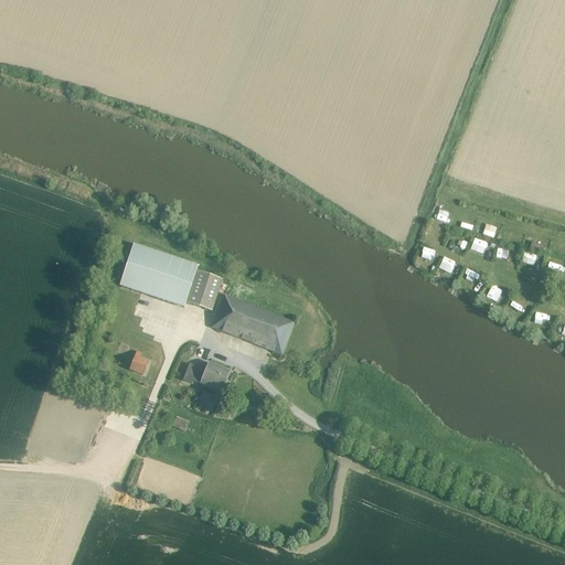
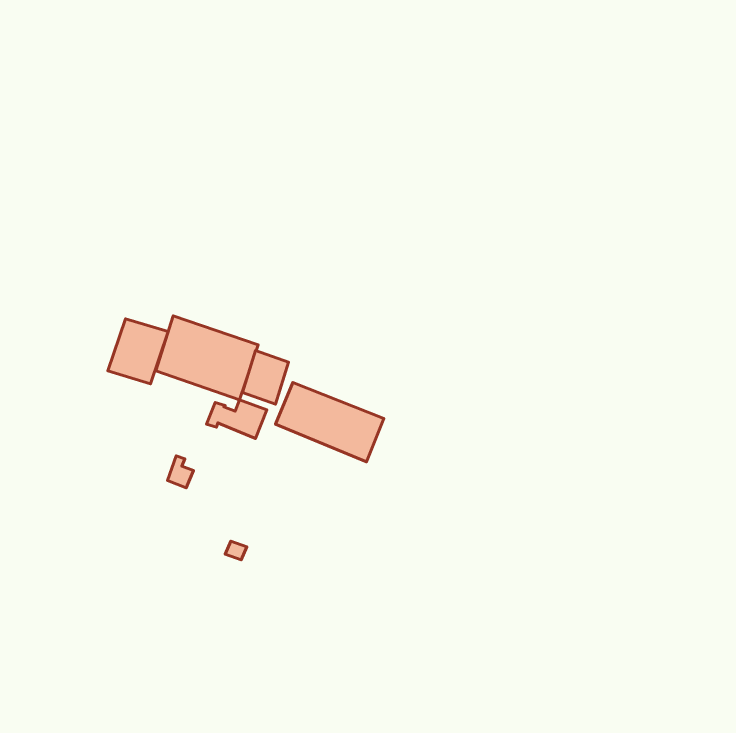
building: none -> [108,319,168,384]
building: [183,361,230,391] -> [206,400,267,439]

